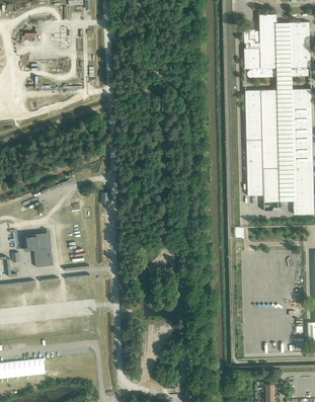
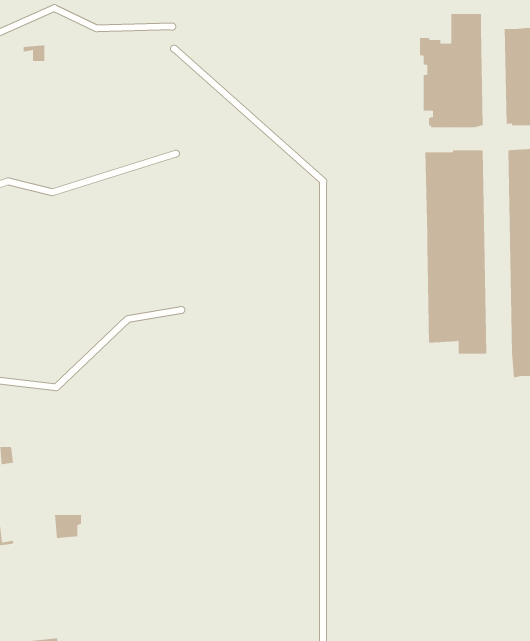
building: [26,234,53,266] -> none

